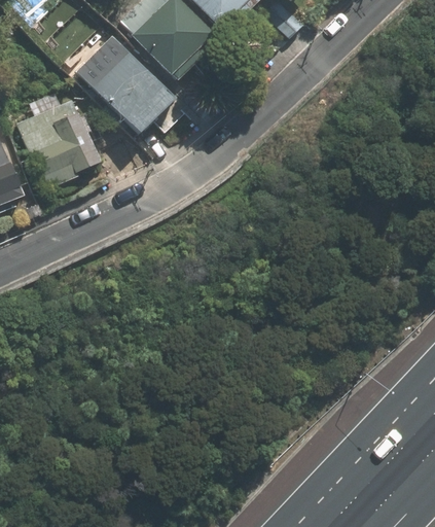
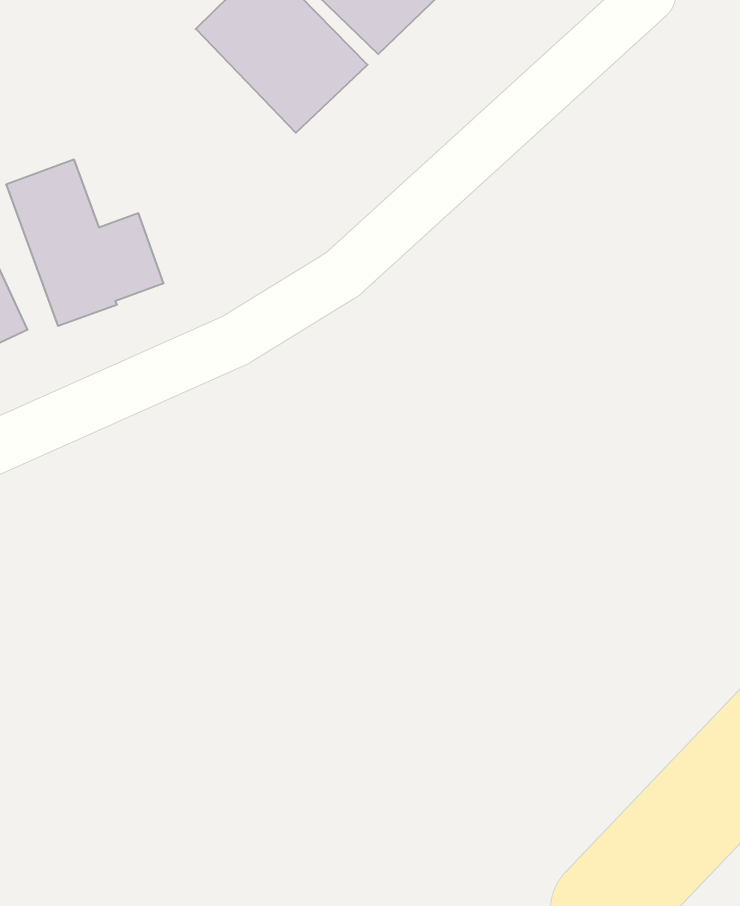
building: [71,33,179,137] -> none

